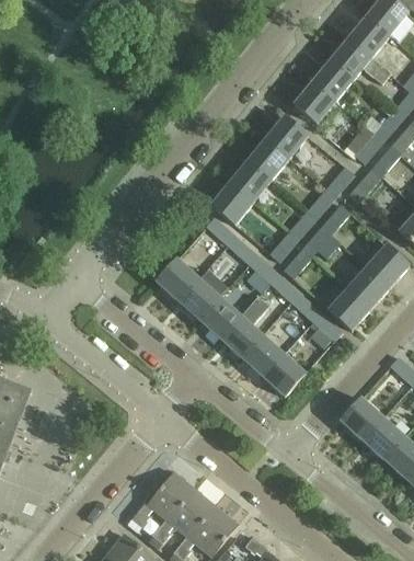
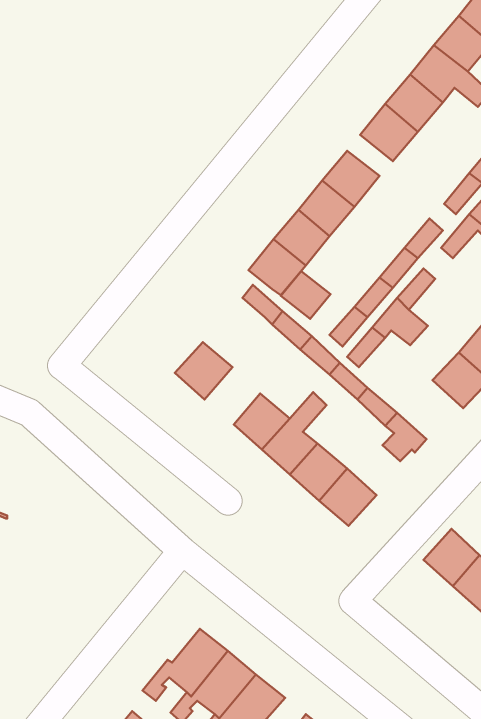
building: none -> [281,271,331,319]
building: [177,277,219,320] -> none
building: [329,287,370,330] -> none

